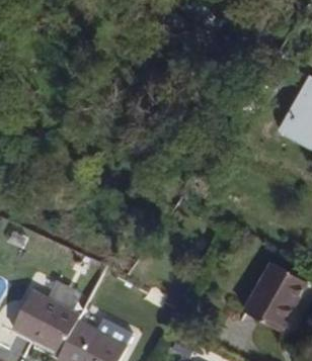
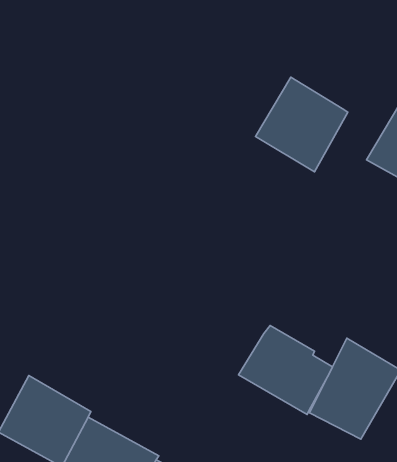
building: none -> [255,77,348,172]
building: none -> [239,325,333,415]

